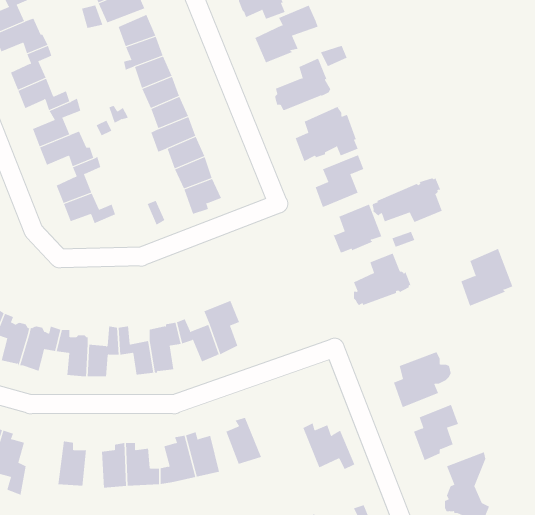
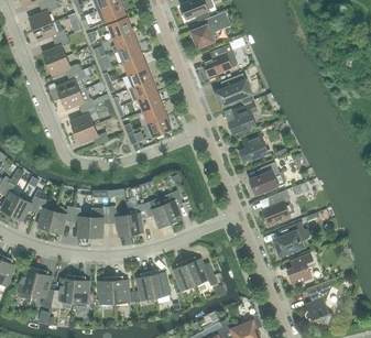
building: [372,177,443,223] -> none
building: [460,248,513,307] -> [262,189,294,225]
building: [302,423,355,470] -> [185,258,217,286]
building: none -> [50,275,75,308]

